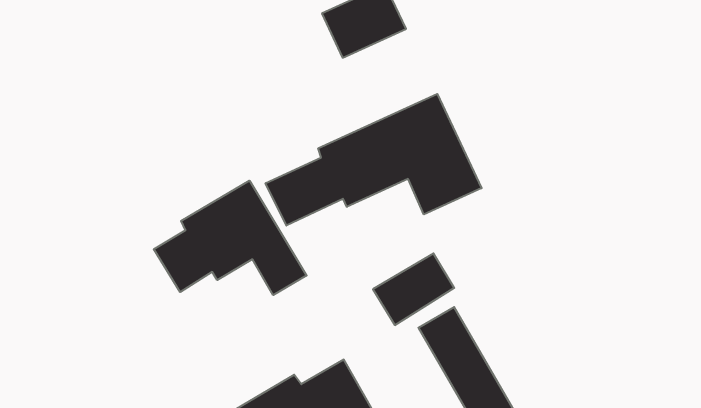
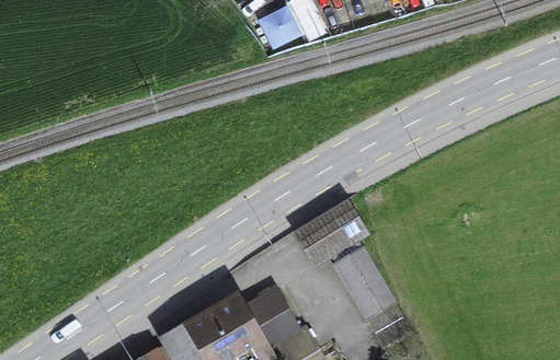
building: [266,94,482,226] -> none
building: [154,181,307,295] -> none

